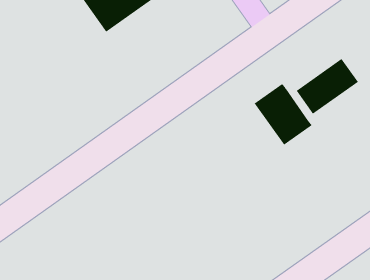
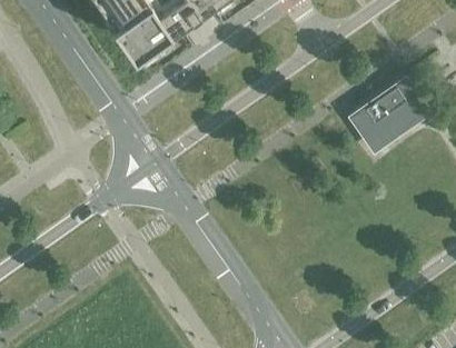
building: [254,83,313,146] -> none

